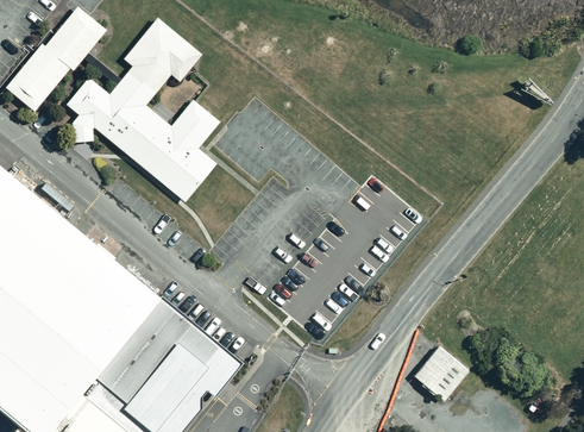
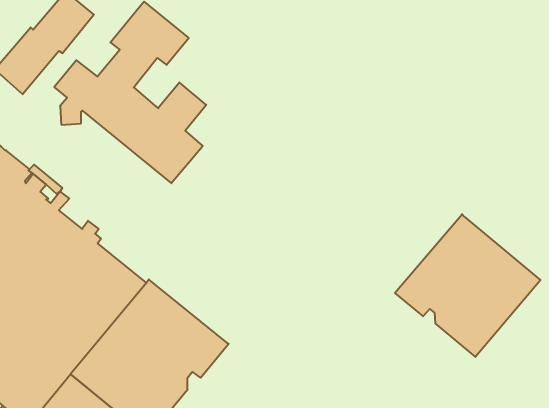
building: none -> [395,214,540,357]
building: [414,346,469,401] -> none

